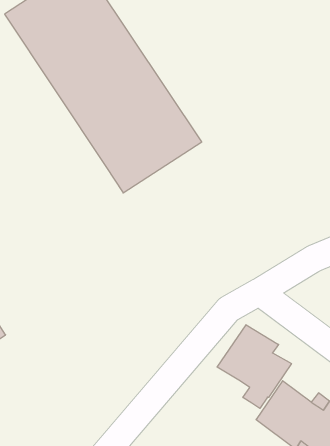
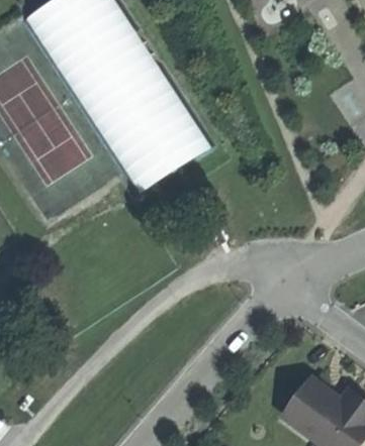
building: [217,325,291,408] -> none

